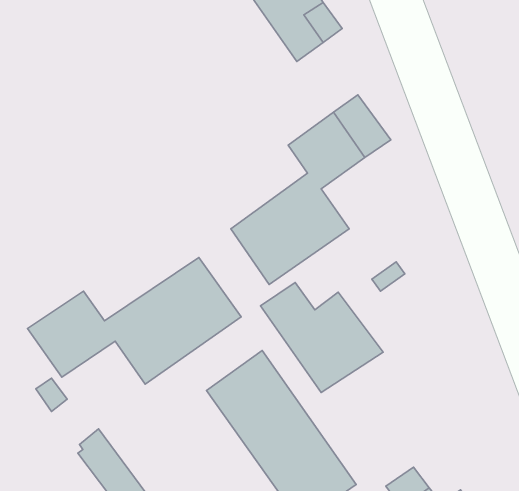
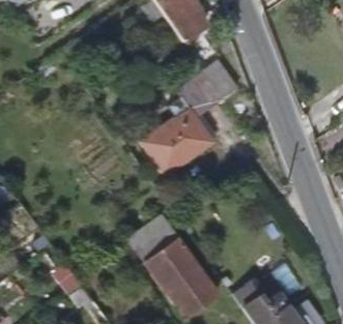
building: [27,257,241,384] -> none
building: [260,282,383,393] -> none

